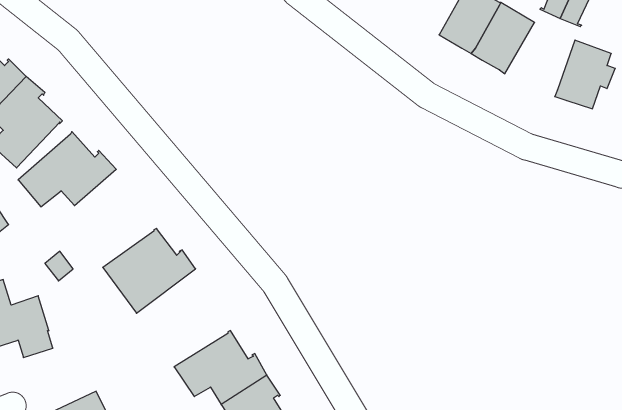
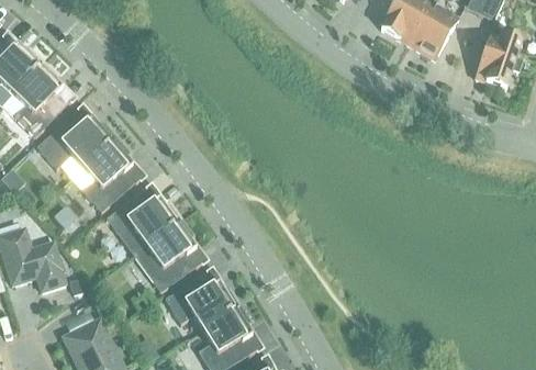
building: none -> [81,138,142,213]
building: none -> [133,220,204,293]

